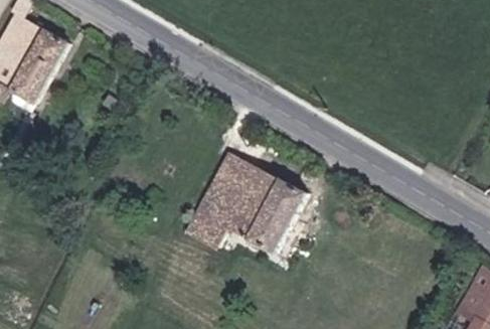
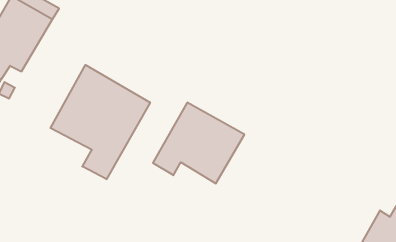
building: none -> [50,65,150,179]

